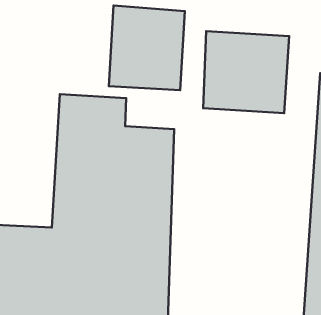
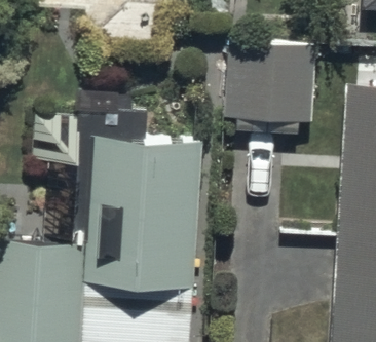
building: [109,5,185,90] -> none

